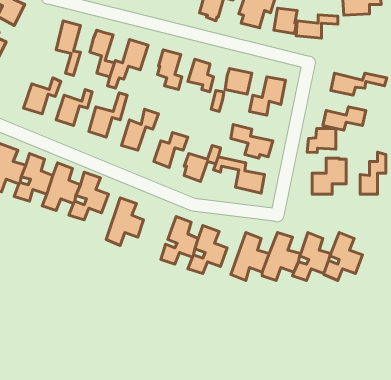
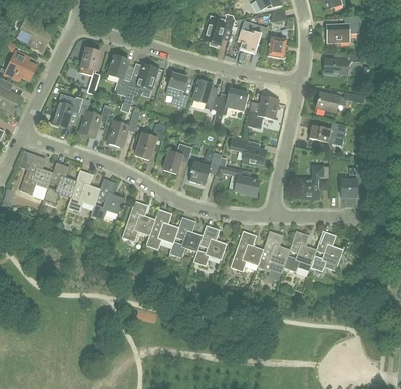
building: [296,15,338,38] -> [324,54,360,74]
building: [307,128,336,152] -> none
building: none -> [145,208,178,249]

